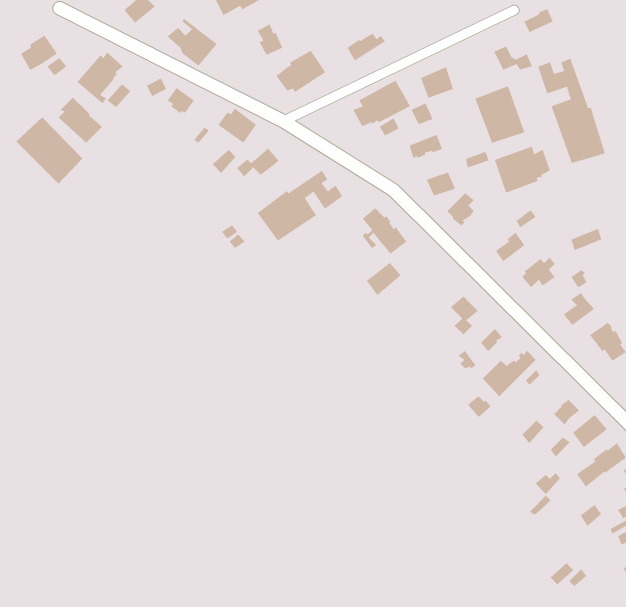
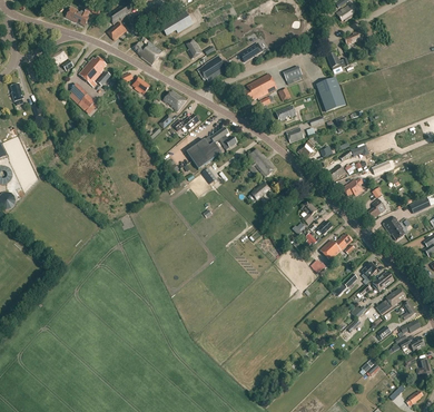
building: [538,58,606,164] -> none
building: [16,116,83,185] -> none
building: [494,146,550,194] -> none

